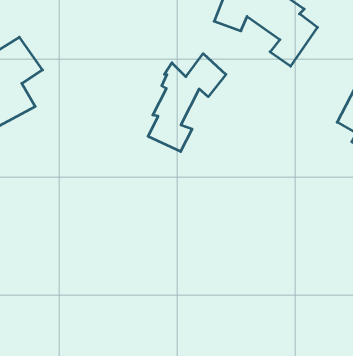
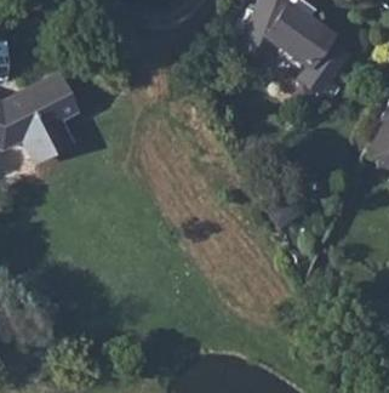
building: [148,54,226,152] -> none

